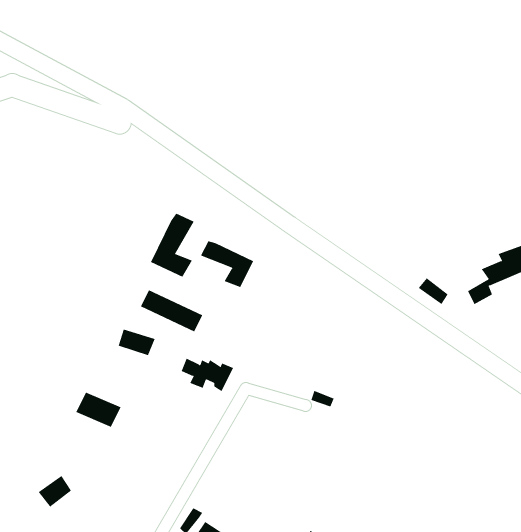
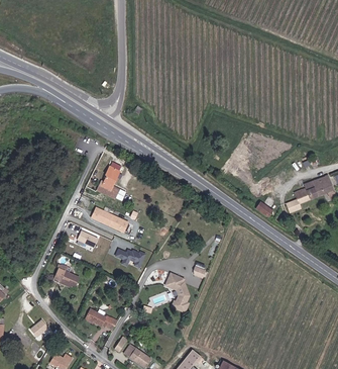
building: [200,241,254,288] -> none
building: none -> [164,272,191,313]
building: none -> [86,308,117,330]

